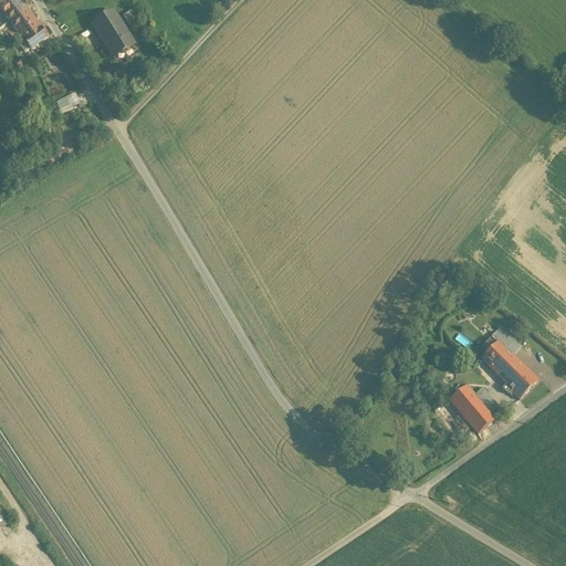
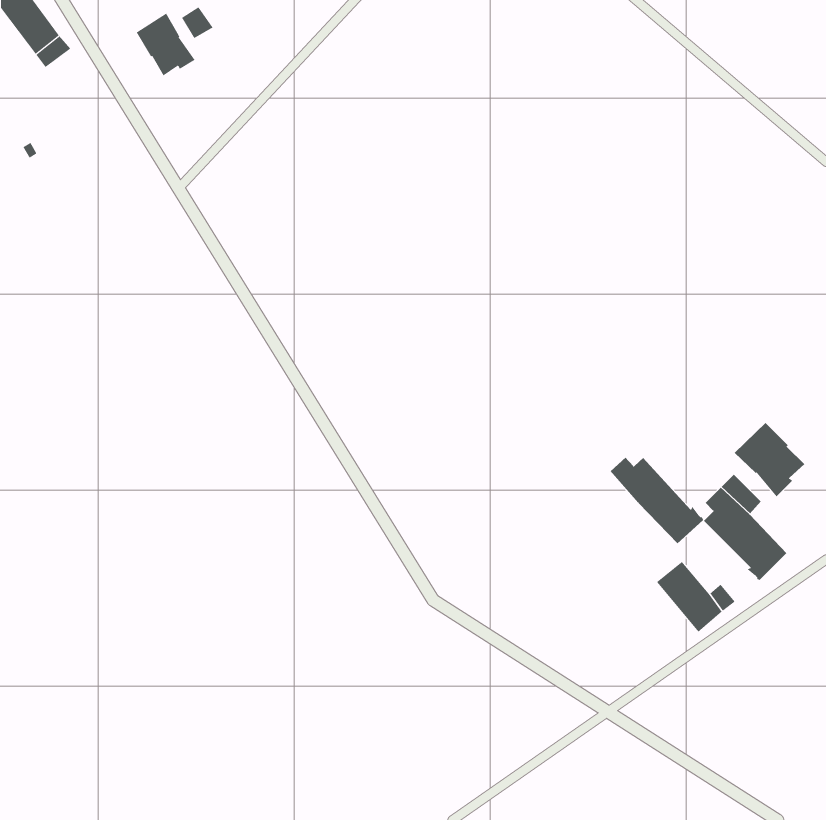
building: none -> [734,422,805,497]
building: none -> [610,457,704,544]

